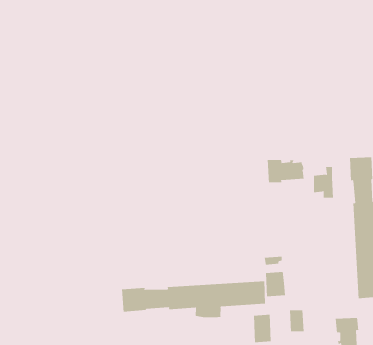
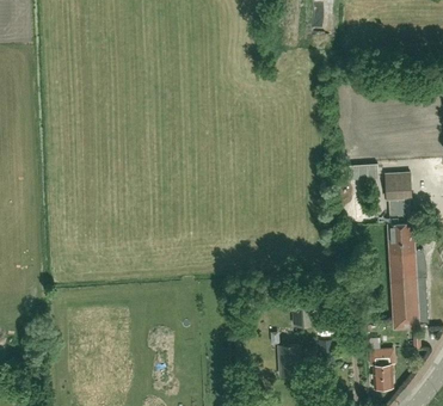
building: [267,159,304,183] -> none
building: [122,280,265,318] -> none

